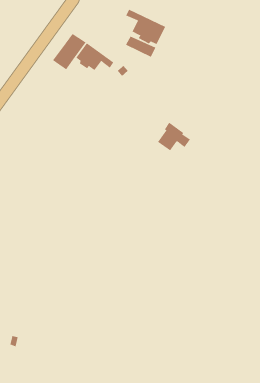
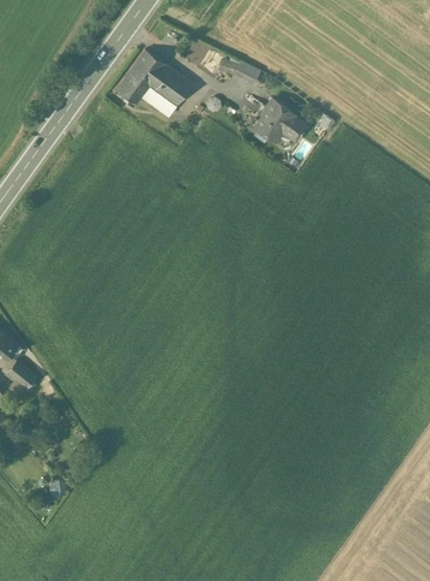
building: [125,9,166,45] -> none
building: [157,122,191,151] -> [254,99,302,141]

